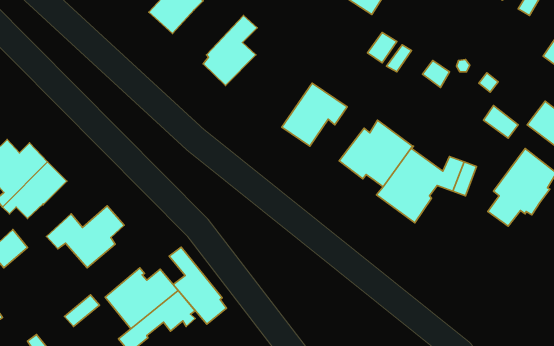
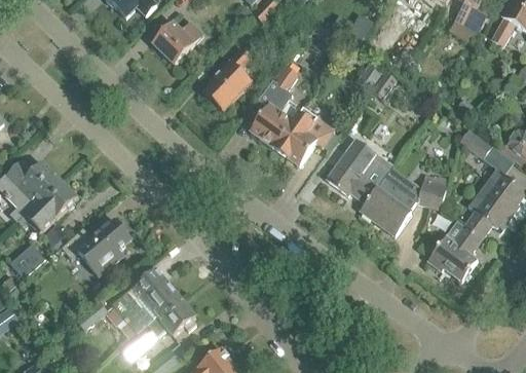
building: none -> [250,67,302,148]
building: none -> [428,221,481,281]
building: [169,247,226,324] -> none

